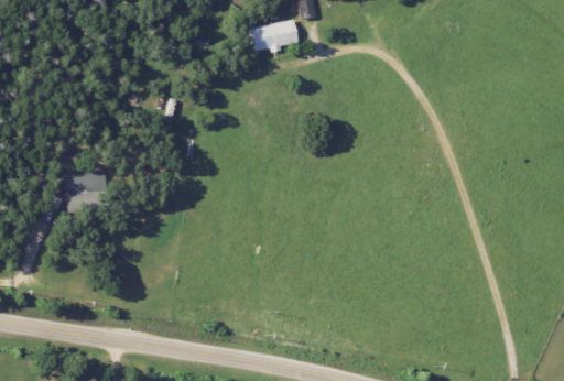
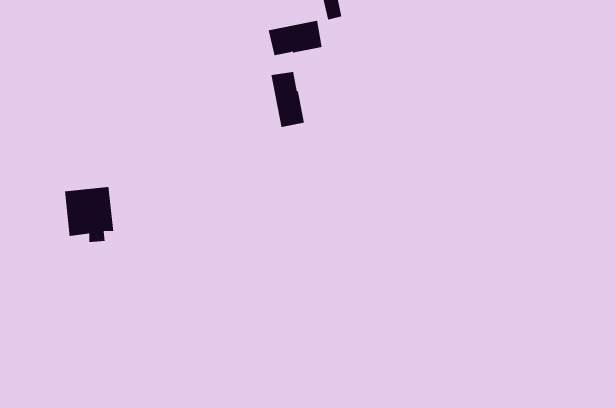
building: none -> [271,71,305,128]

